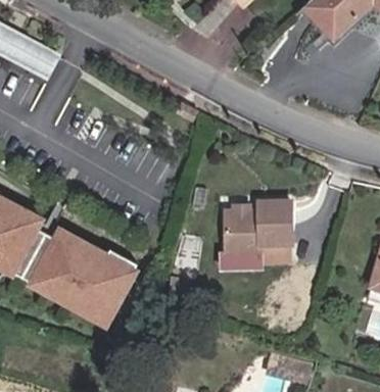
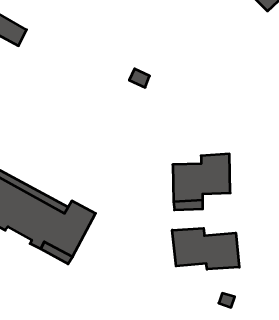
building: none -> [172,228,239,269]

